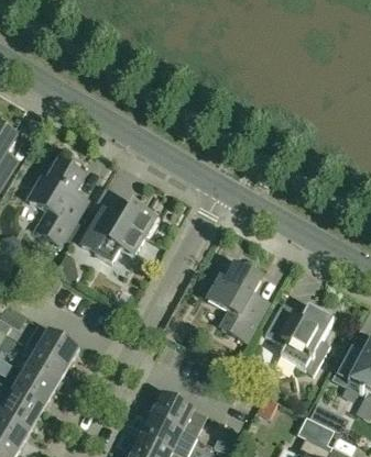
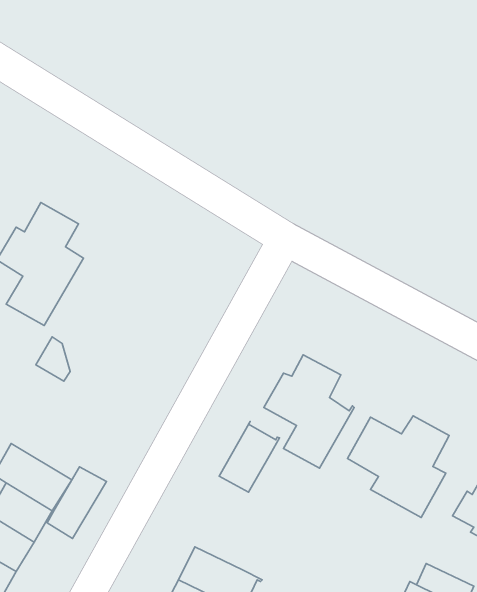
building: [81,207,161,261] -> none
building: none -> [219,421,279,492]
building: none -> [47,467,106,538]

